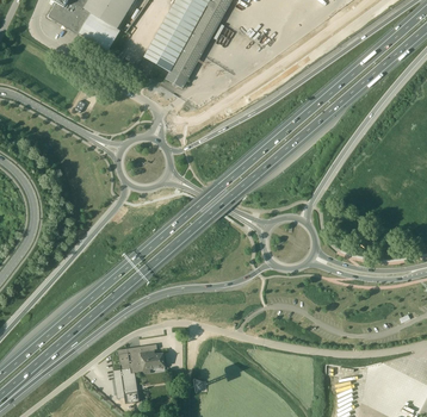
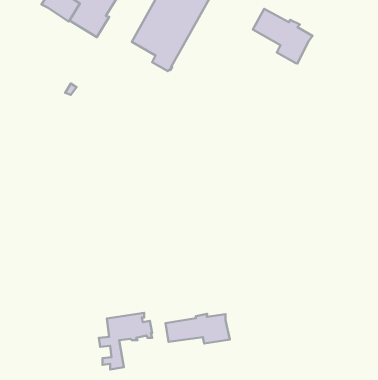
building: none -> [253,9,313,64]
building: none -> [166,314,230,343]

